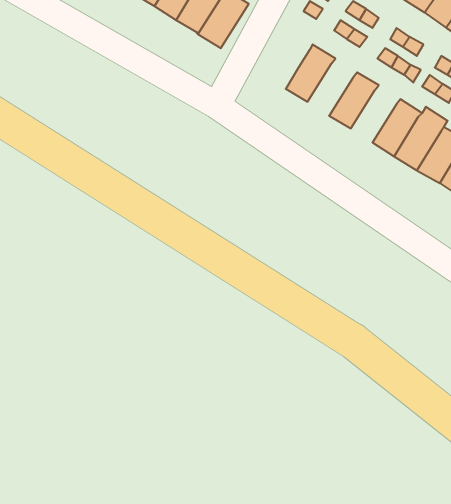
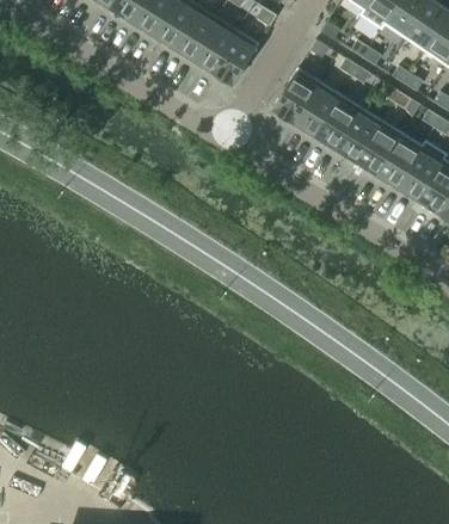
building: none -> [272,68,319,123]
building: none -> [314,94,361,148]
building: none -> [355,119,401,173]

